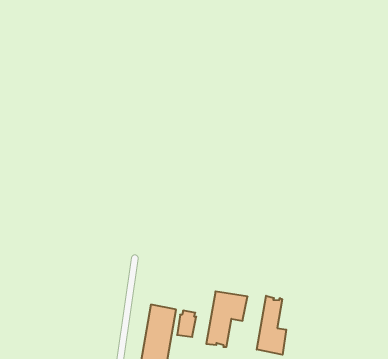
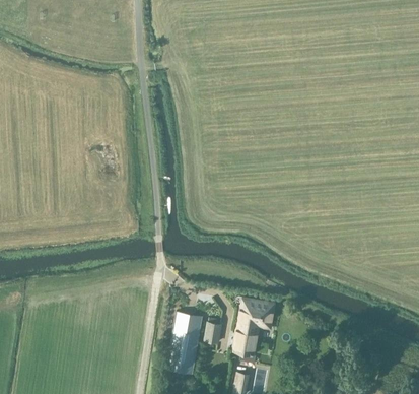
building: [257,296,286,355] -> none

